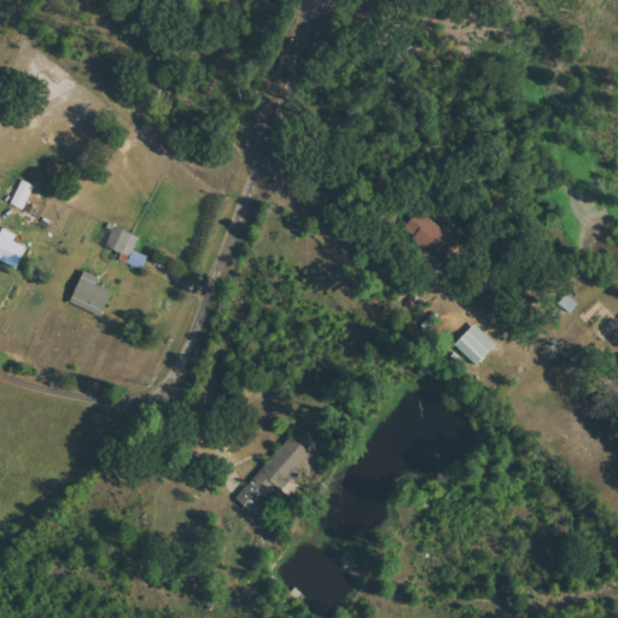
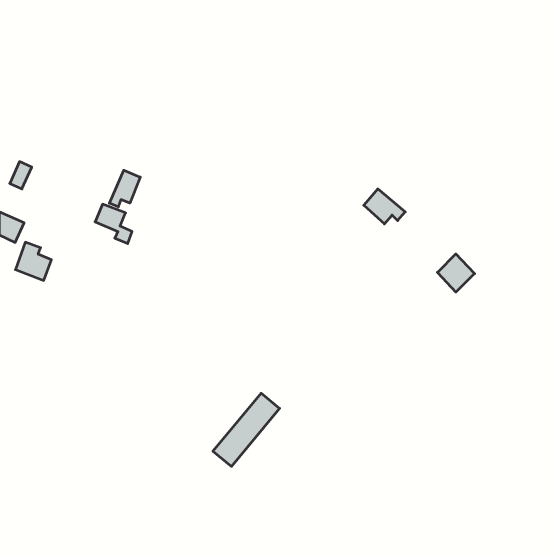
building: none -> [109,170,140,207]
building: [70,270,110,313] -> [15,242,51,280]
building: [454,322,495,365] -> [437,254,475,292]

